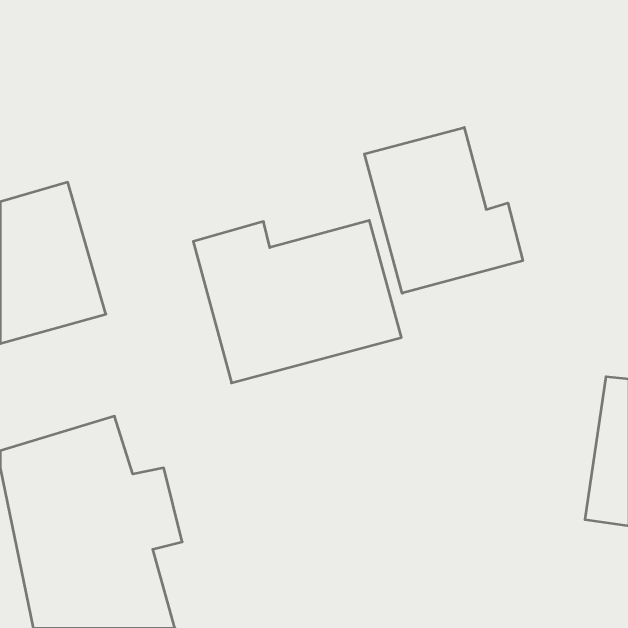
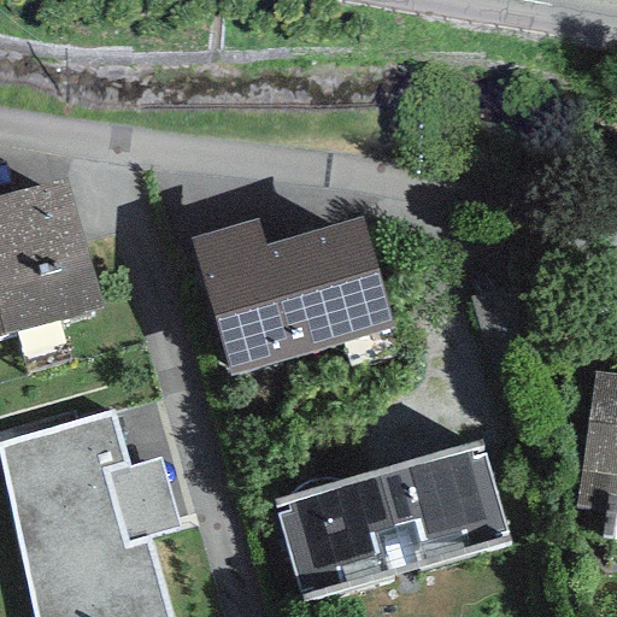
building: [364,127,523,293] -> none
building: none -> [275,446,509,601]

